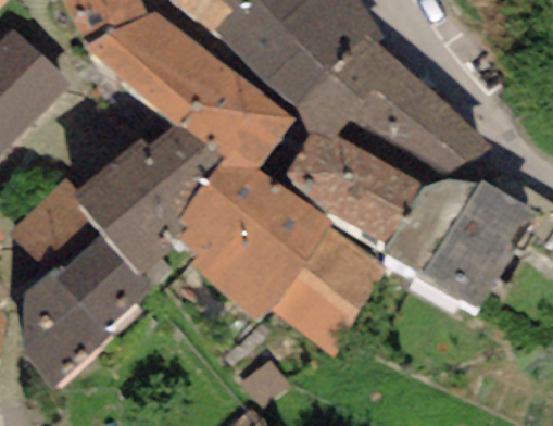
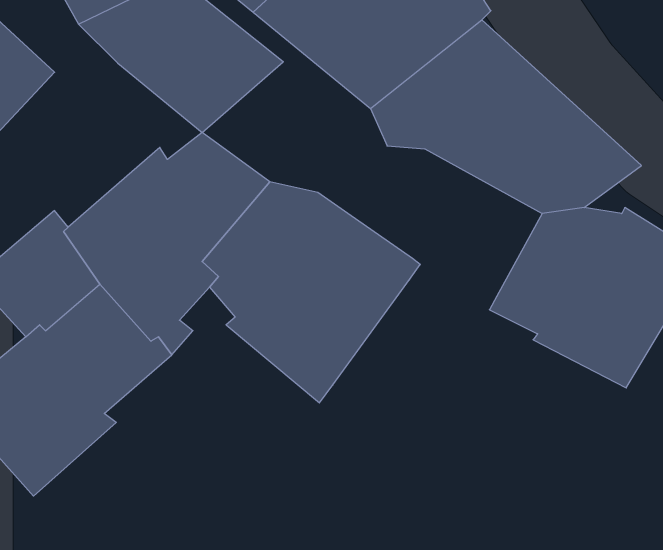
building: [174,72,293,166] -> none
building: [279,133,419,241] -> none
building: [268,229,386,354] -> none

